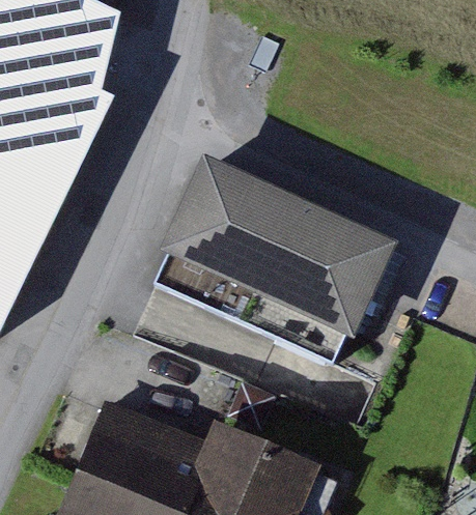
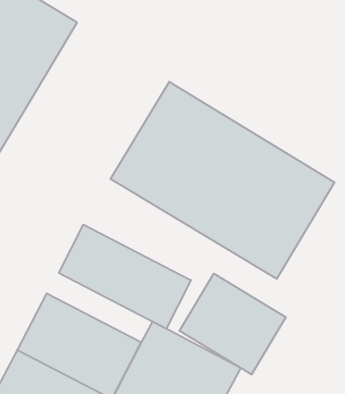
building: none -> [59,225,191,329]
building: none -> [179,274,286,375]

